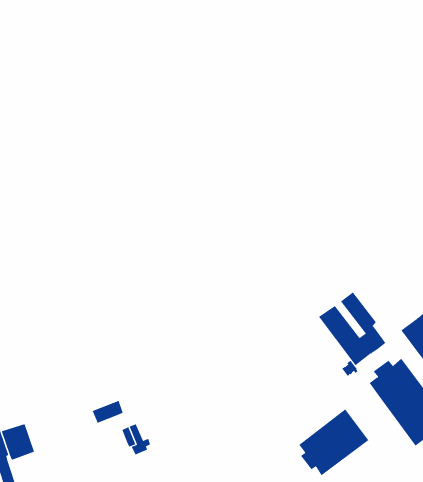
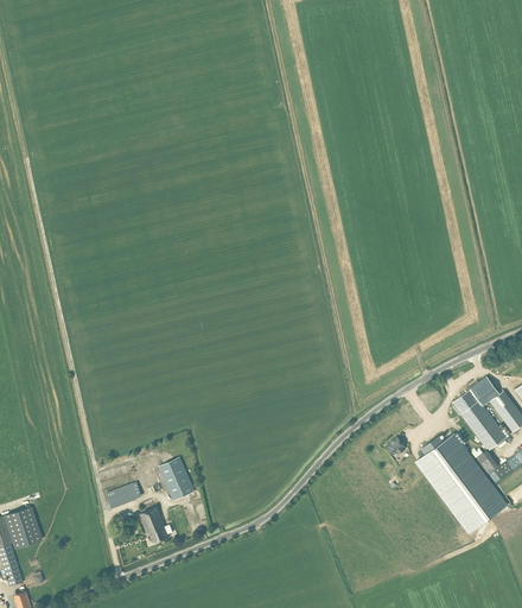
building: [318,292,386,366] -> none
building: none -> [158,456,195,500]
building: [299,409,369,476] -> none

